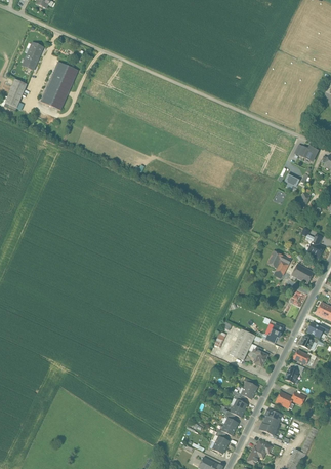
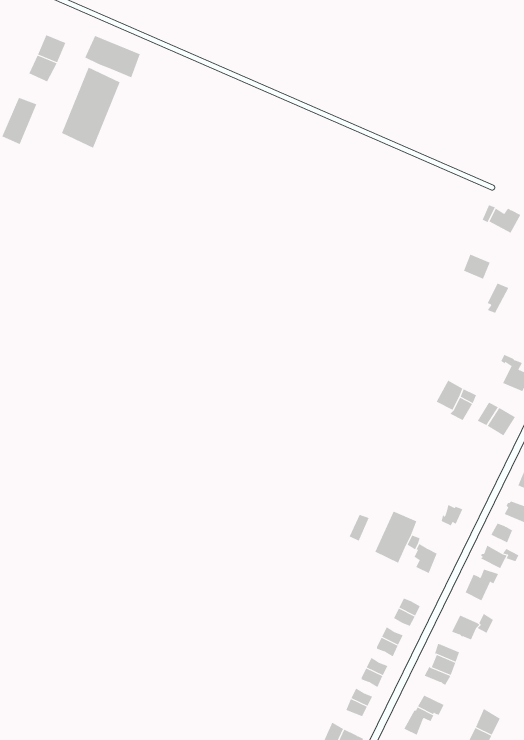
building: none -> [85,35,140,78]

